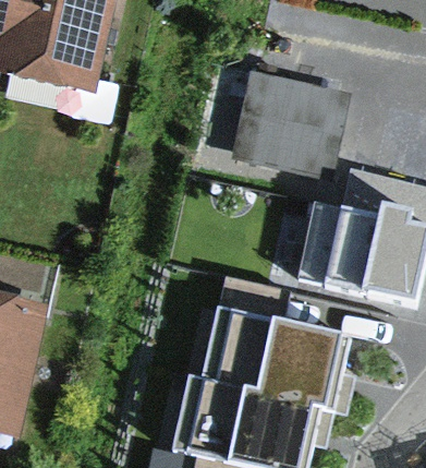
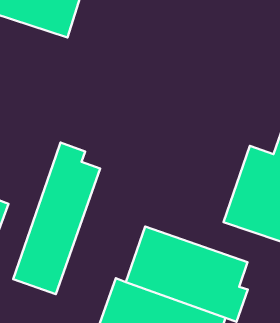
building: [232,71,341,171] -> none
building: none -> [13,143,100,294]

